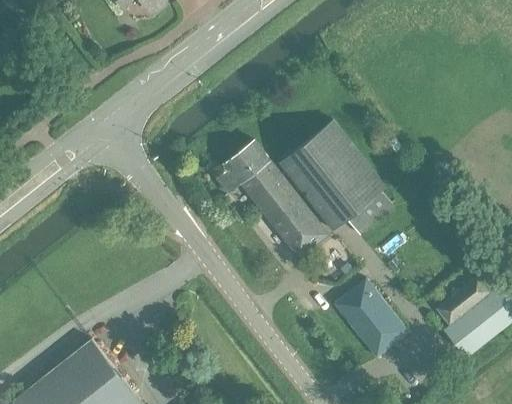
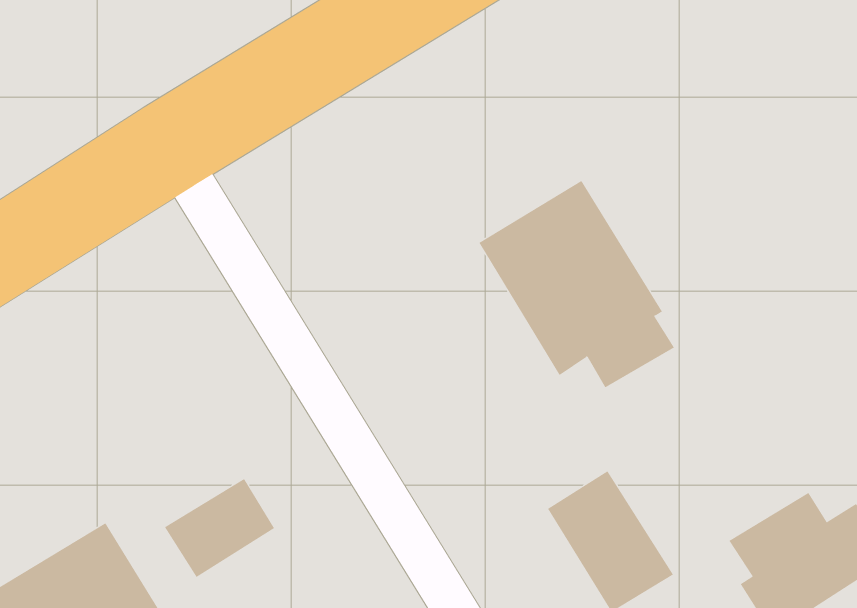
building: [216,140,329,257] -> none
building: none -> [164,478,275,578]

